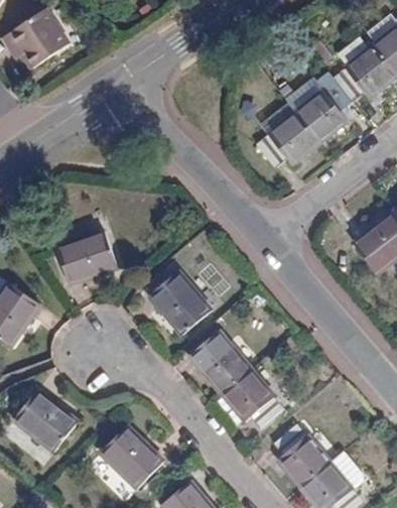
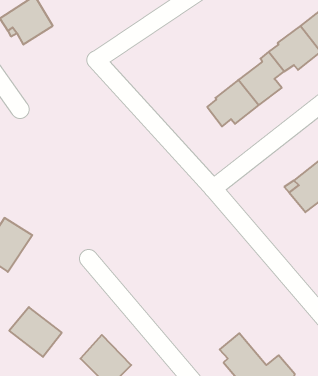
building: [55,231,118,284] -> none
building: [147,270,212,336] -> none
building: [193,331,284,429] -> none

